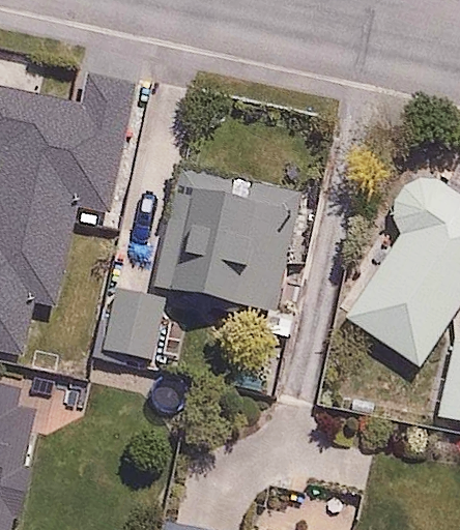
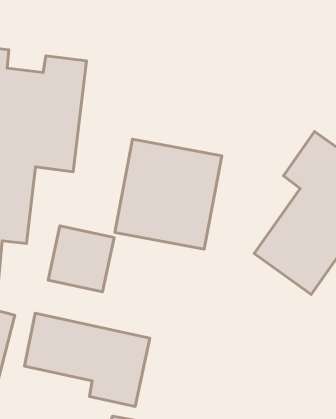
building: none -> [24,313,150,407]

